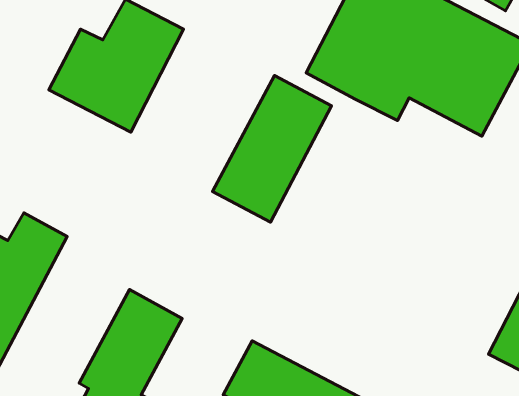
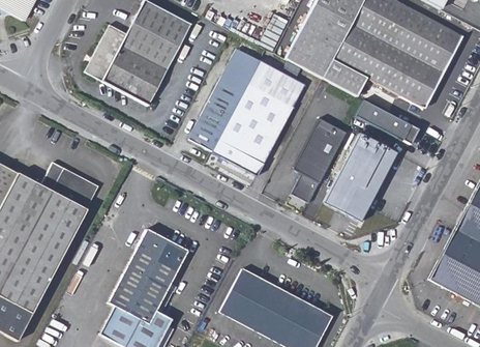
building: none -> [189,48,261,151]
building: none -> [354,98,418,144]
building: none -> [292,118,347,202]
building: none -> [325,134,396,220]

